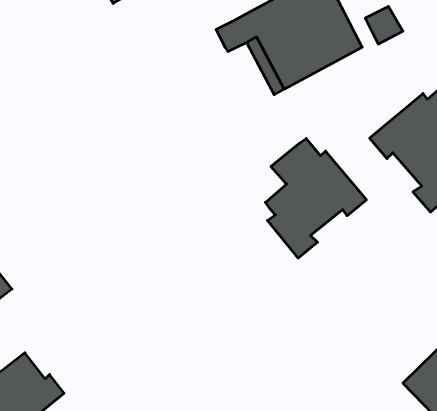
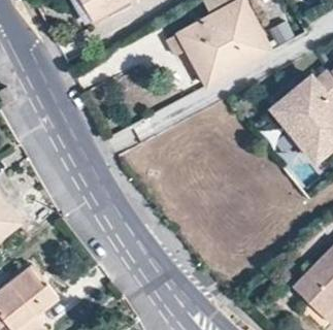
building: [265,138,366,258] -> none

